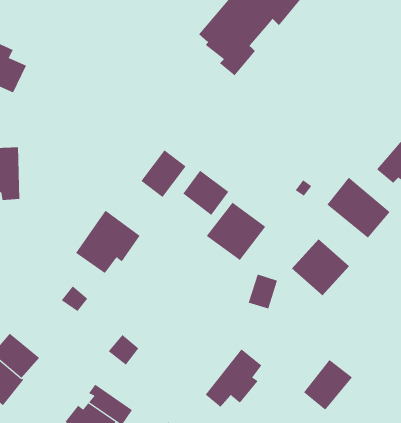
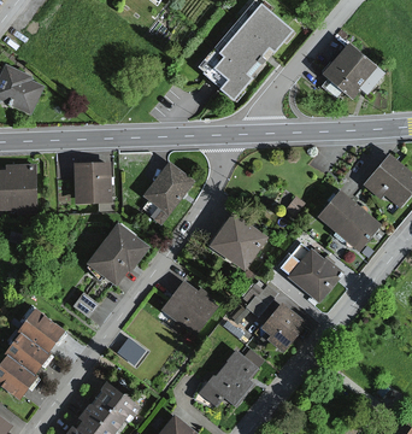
building: none -> [325,48,372,95]
building: none -> [73,163,110,204]
building: [182,170,229,216] -> none
building: none -> [161,280,217,335]
building: none -> [24,310,69,353]
building: [303,359,353,410] -> [258,303,304,350]

